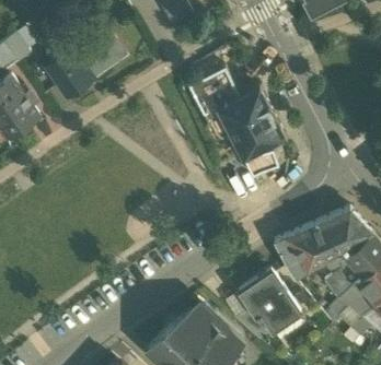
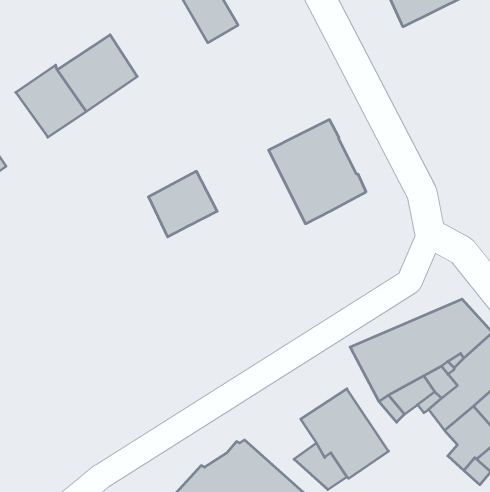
building: [190,70,238,115] -> [148,171,217,237]
building: [243,149,278,176] -> none

